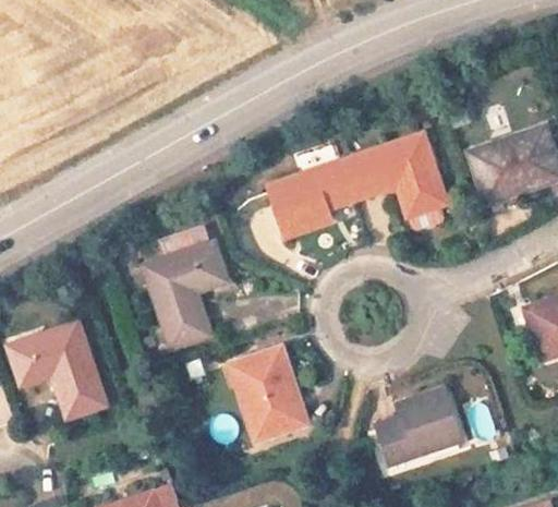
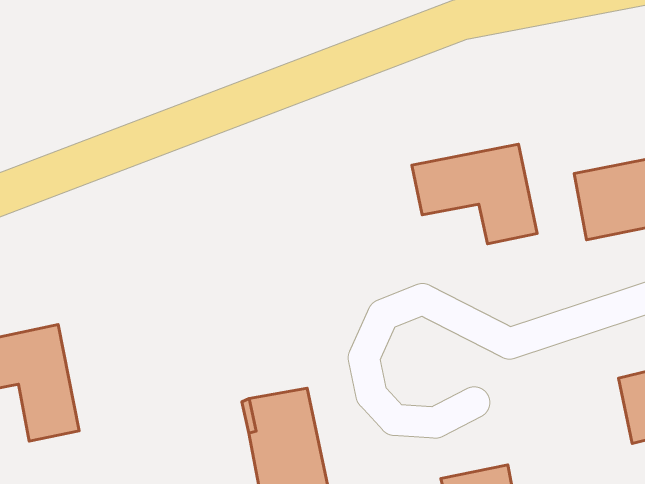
building: [266,161,354,237] -> none
building: [145,224,227,348] -> none

